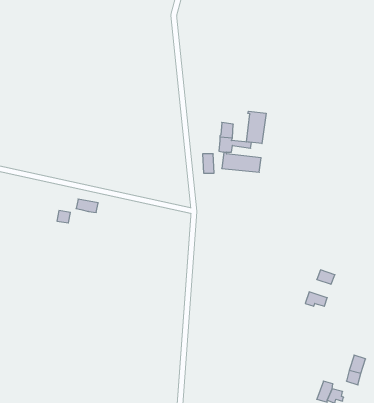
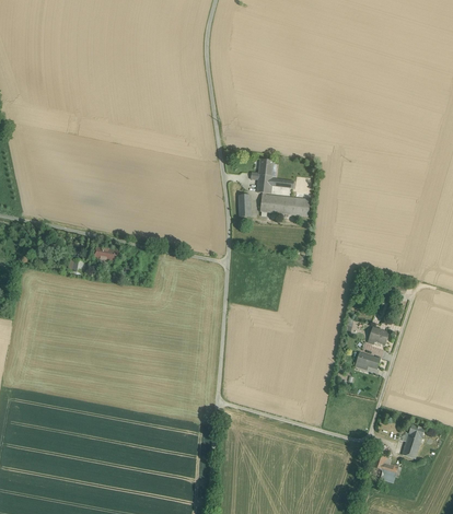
building: [246,111,266,144] -> none

